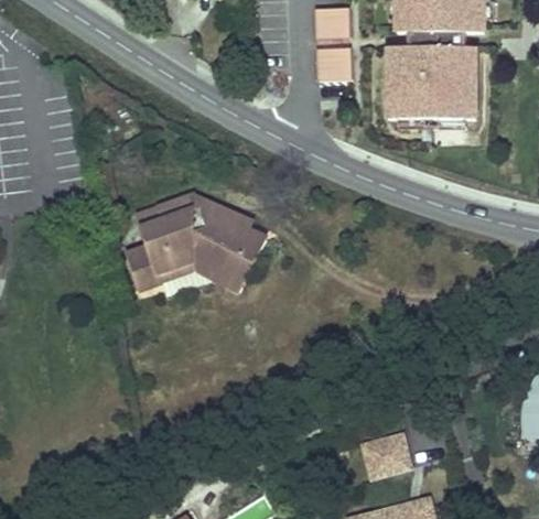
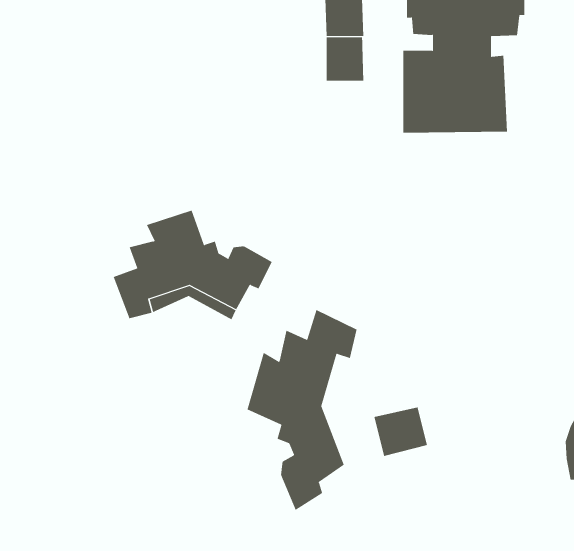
building: none -> [247,309,357,511]
building: [364,436,412,480] -> [373,407,428,456]

